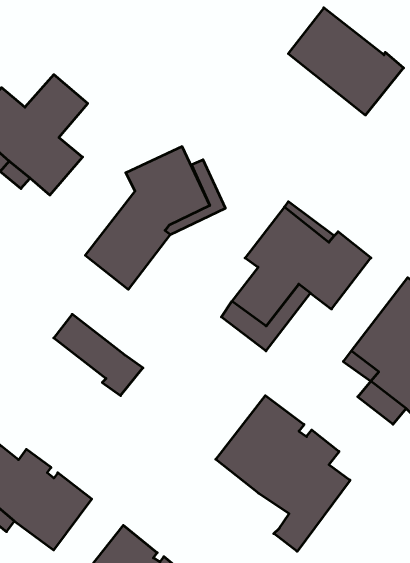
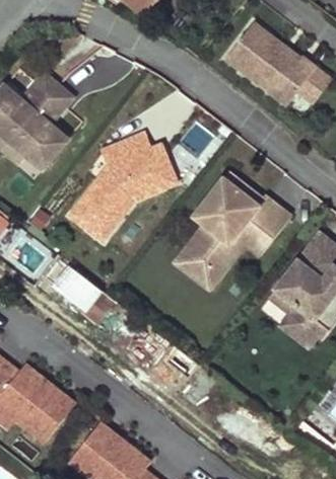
building: [216,396,350,551] -> none

